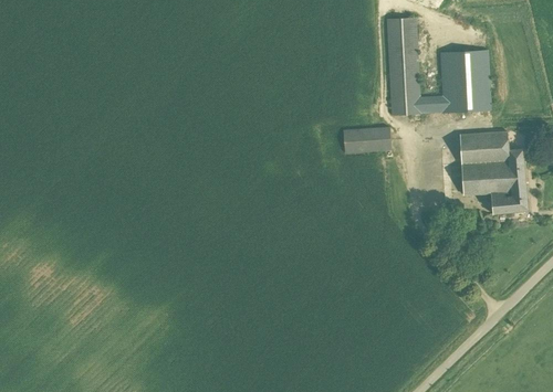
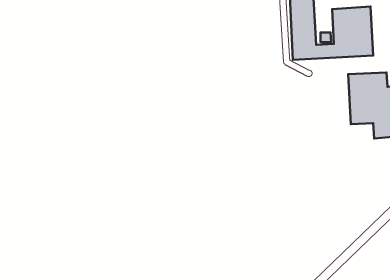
building: [342,126,390,153] -> none

